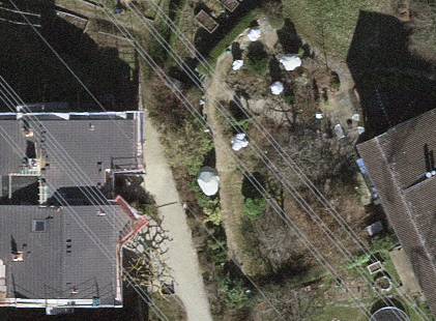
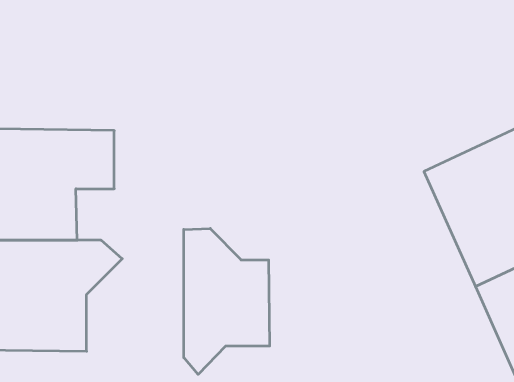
building: none -> [184,228,270,374]

